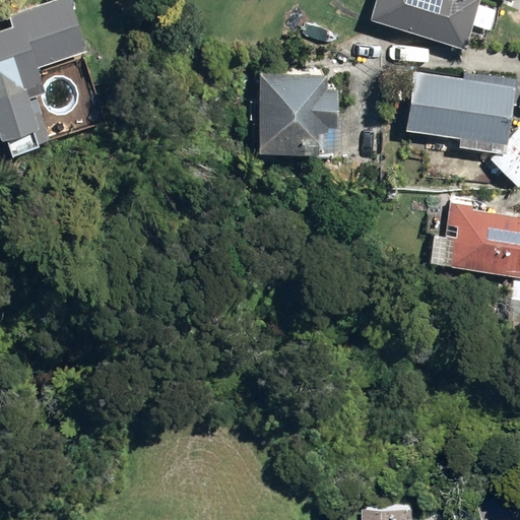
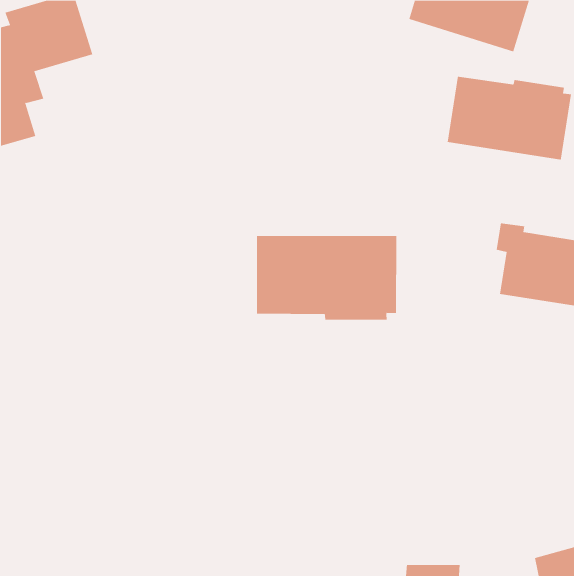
building: [257,74,335,152] -> none
building: none -> [257,235,397,320]

